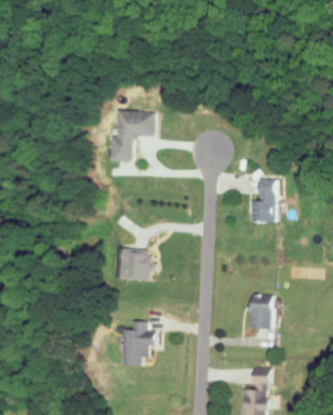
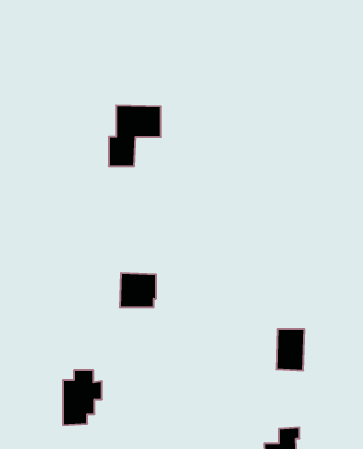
building: [250,179,276,222] -> none
building: [122,321,154,366] -> [63,370,102,425]

